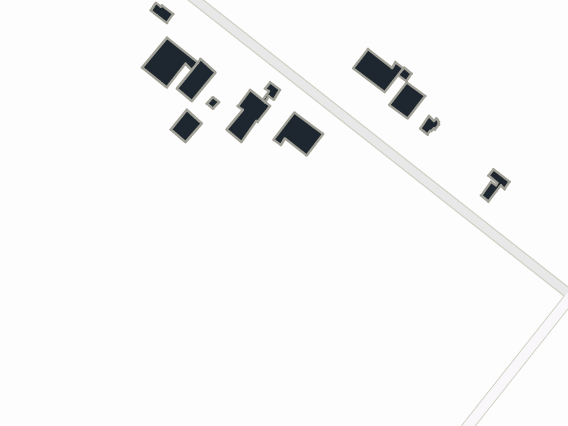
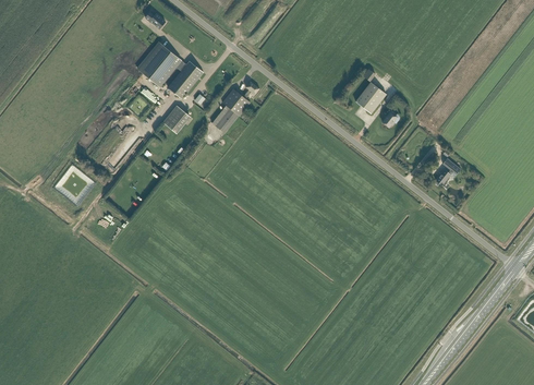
building: [353,49,403,92] -> none
building: [274,113,323,155] -> none

